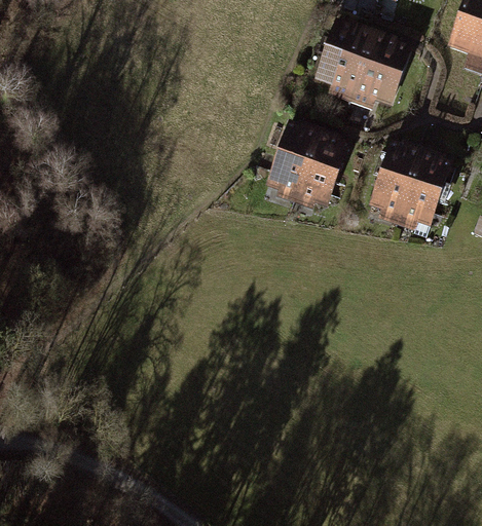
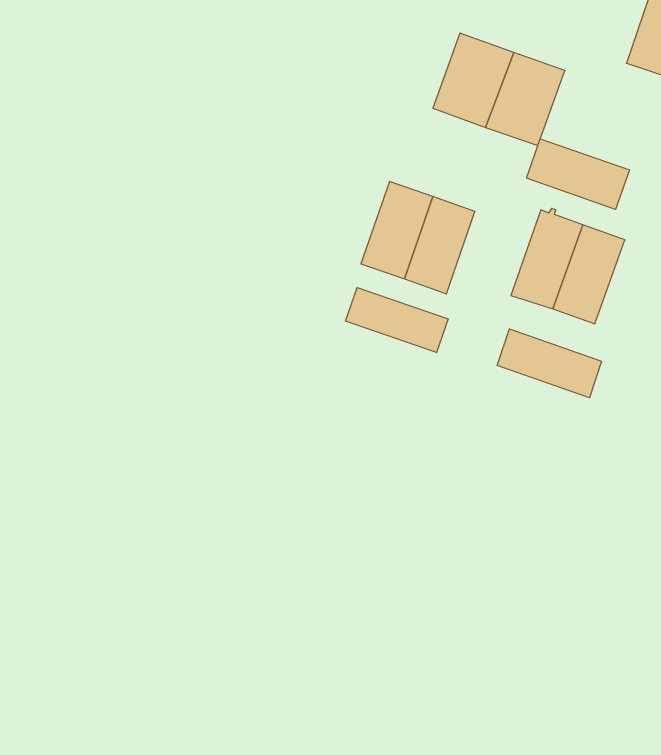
building: none -> [526,139,629,209]
building: none -> [345,287,448,353]
building: none -> [497,329,602,398]

